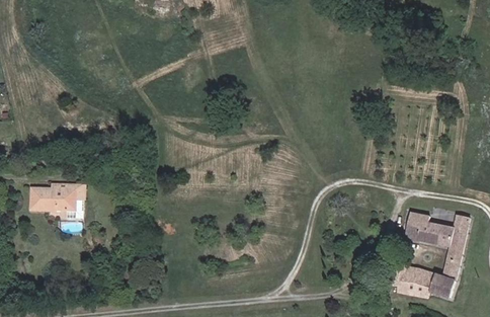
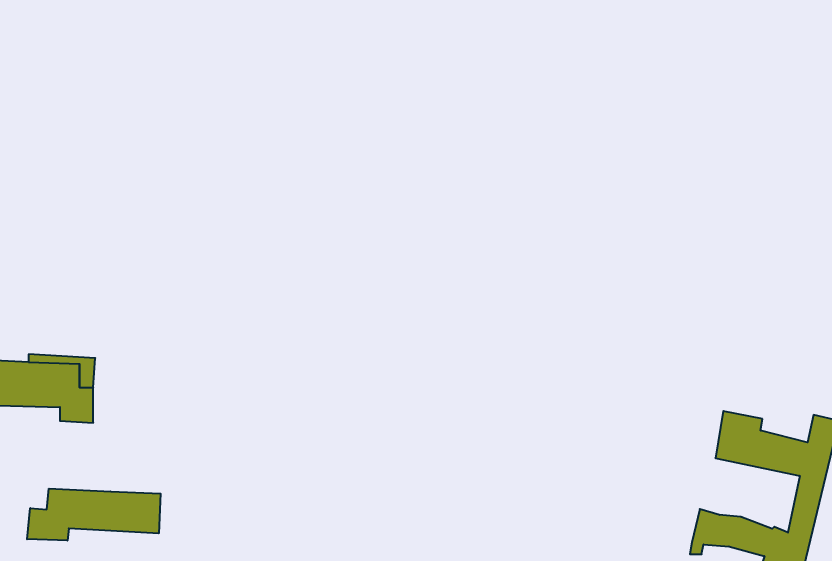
building: none -> [27,489,161,541]

